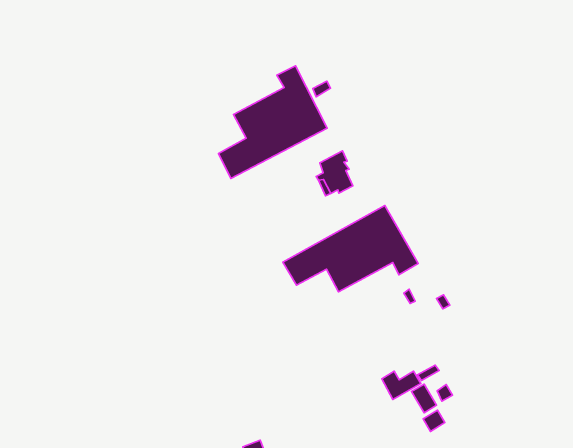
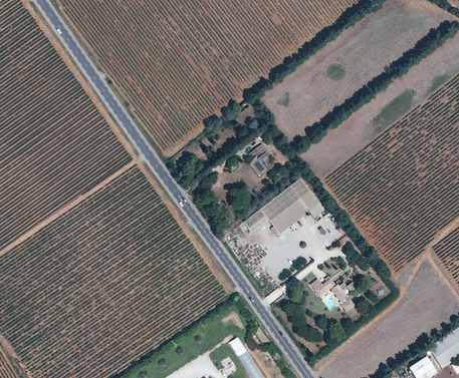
building: [219,66,327,178] -> none

